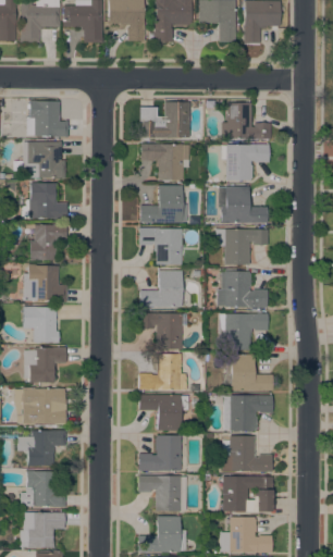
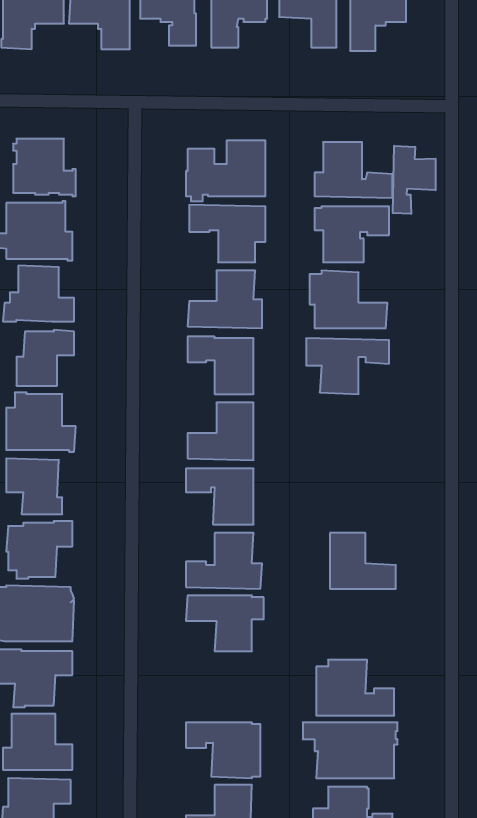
building: none -> [393,146,436,214]
building: [217,272,267,308] -> none
building: [219,314,268,350] -> none
building: [223,395,273,432] -> none
building: [138,436,181,472] -> none

